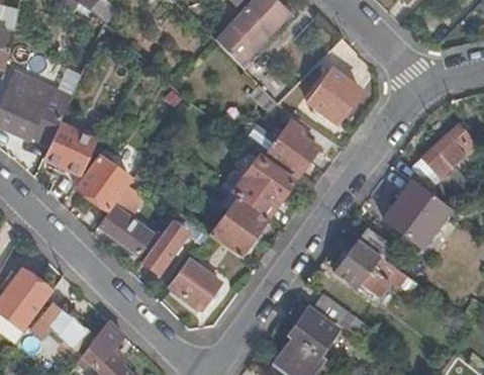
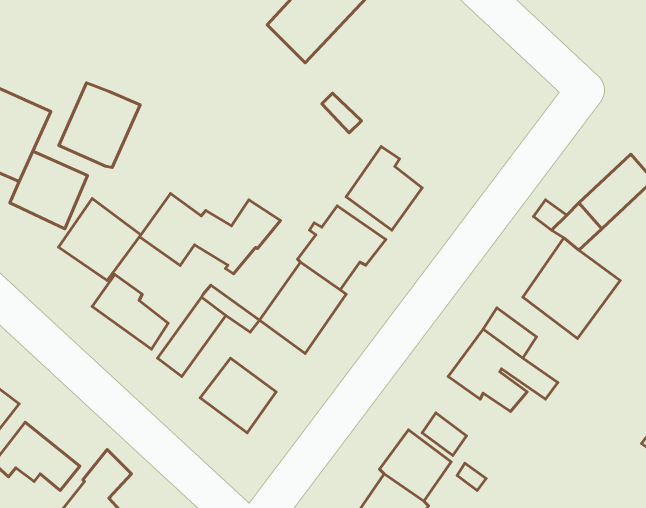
building: [308,70,361,124] -> none
building: none -> [59,83,140,167]
building: none -> [139,193,281,274]

